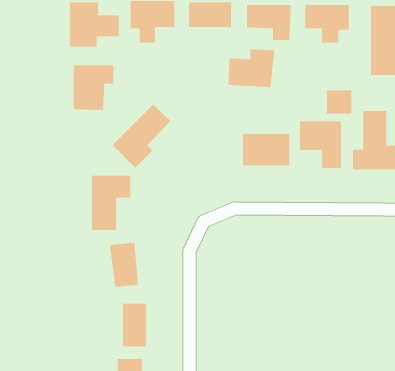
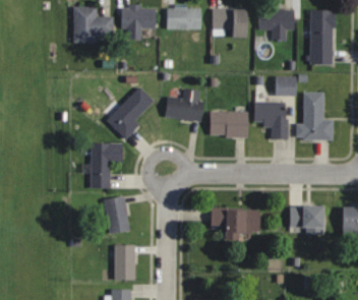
building: [227,49,275,88] -> [166,89,203,120]
building: [73,65,114,111] -> none
building: none -> [290,204,324,233]
building: none -> [212,207,259,236]

